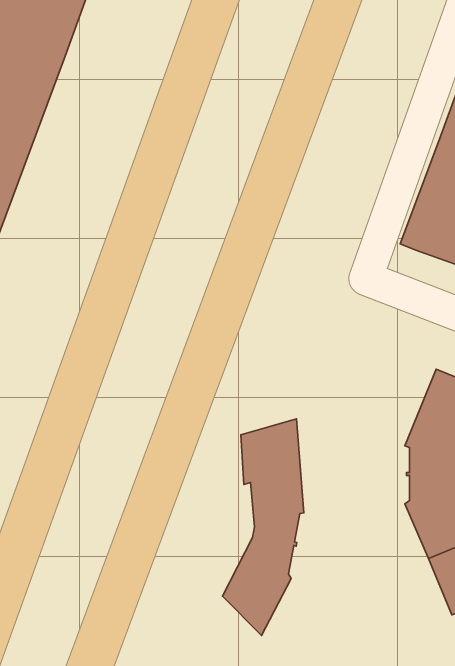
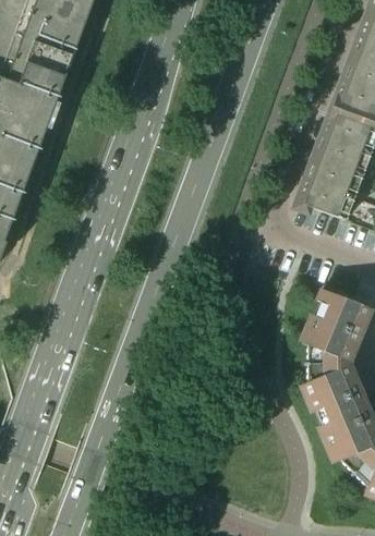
building: [223,419,304,635] -> none

